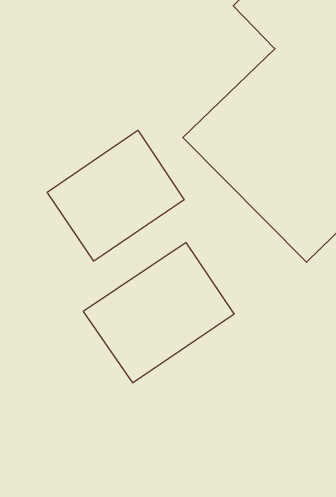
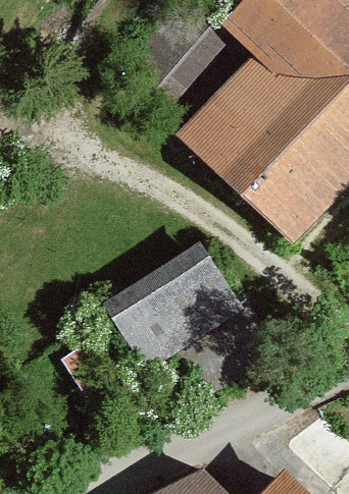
building: [47,130,184,261] -> none

